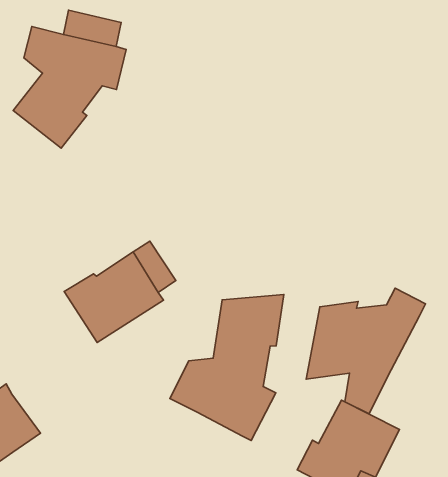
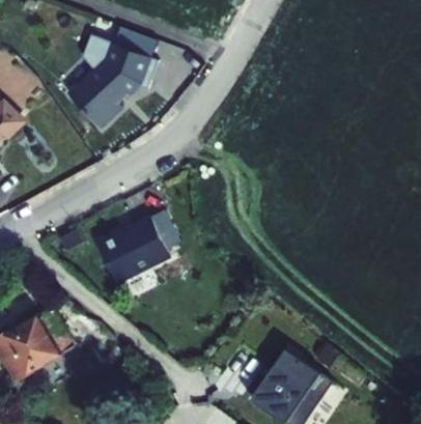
building: [306,288,425,414] -> none
building: [170,295,284,440] -> none

